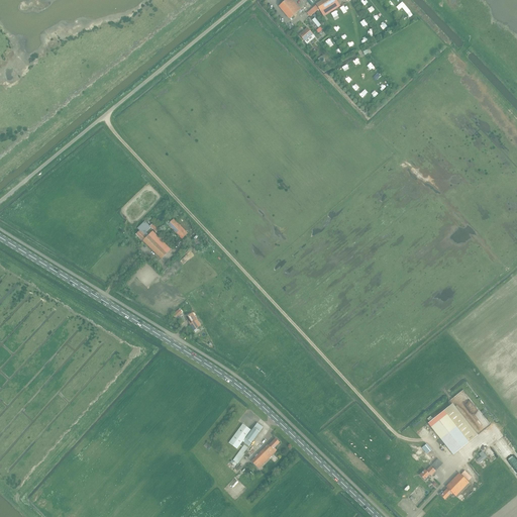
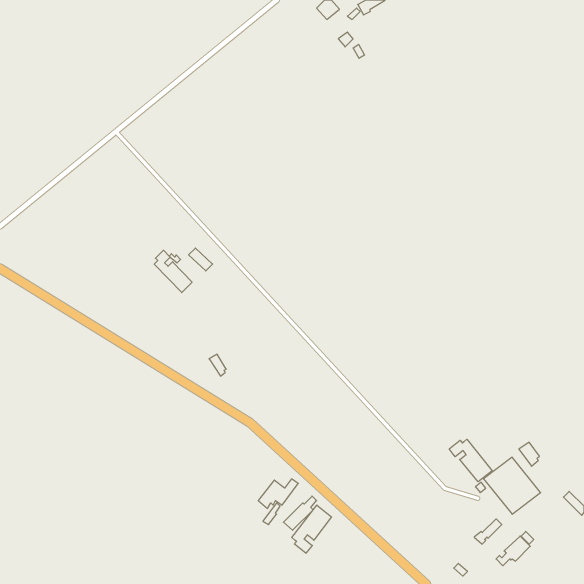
building: none -> [449,439,492,482]
building: none -> [292,505,332,553]

